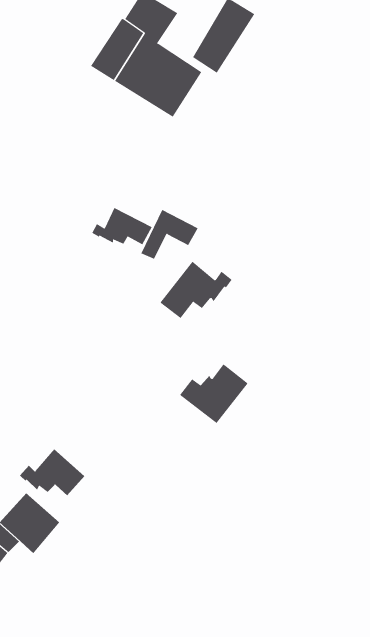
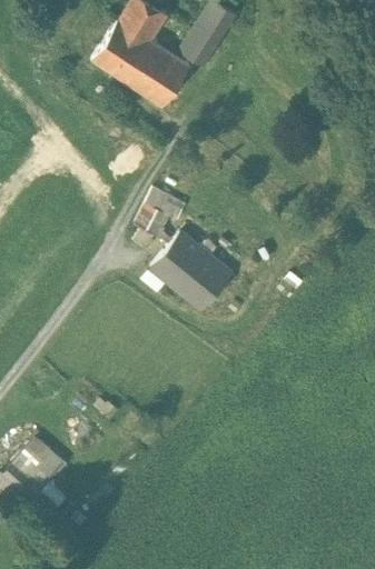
building: [92,207,152,245] -> none
building: [179,363,248,424] -> [170,256,231,309]
building: [19,448,85,496] -> none

